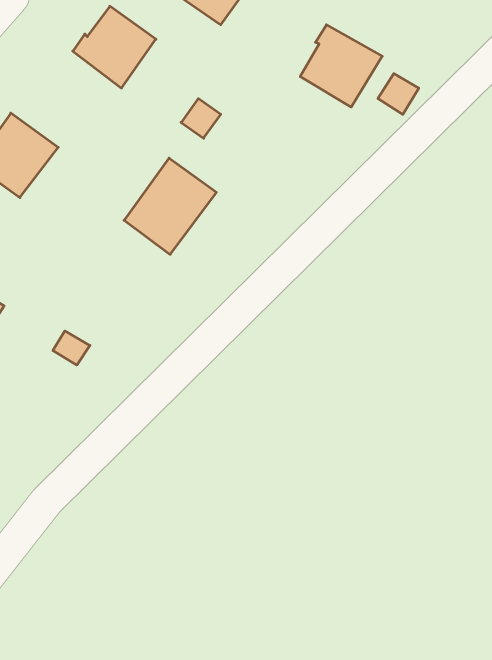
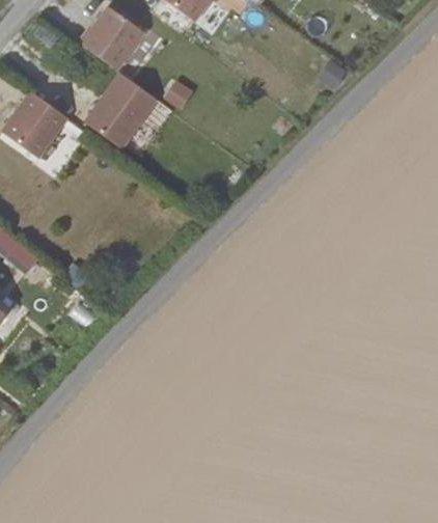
building: [300,25,382,107] -> none
building: [124,158,216,254] -> [85,73,158,148]

